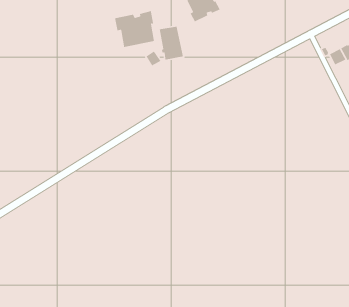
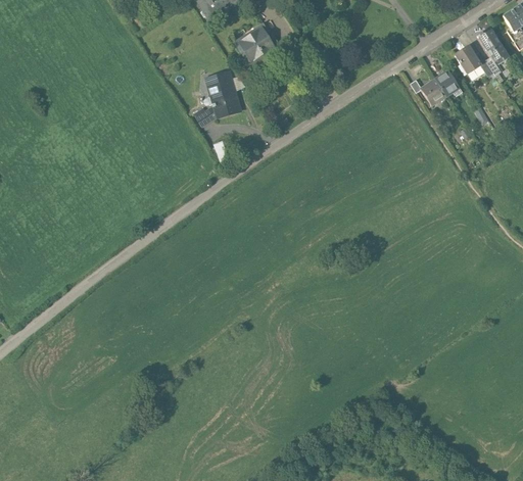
building: [114,10,155,48] -> none

